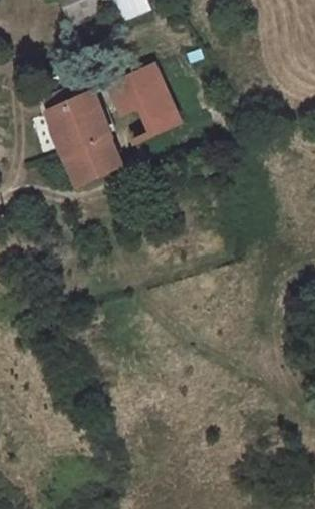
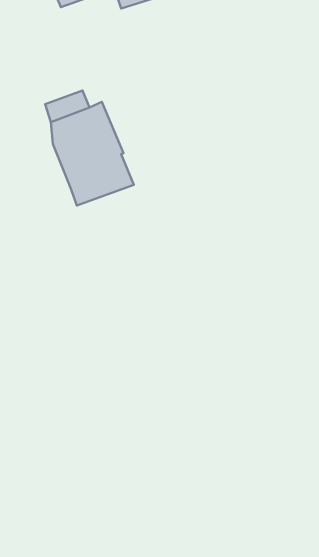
building: [113,68,180,140] -> none

